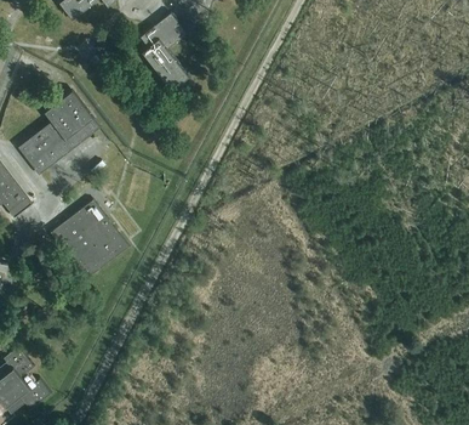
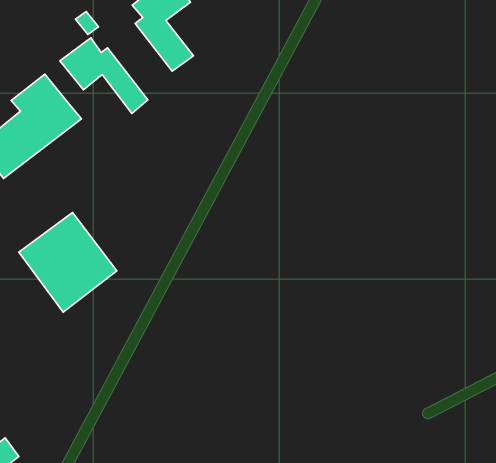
building: none -> [60,38,148,114]

